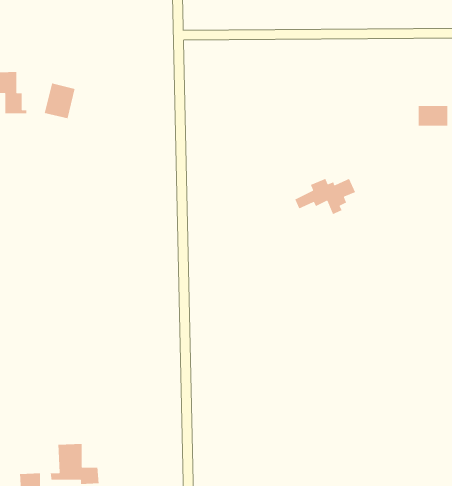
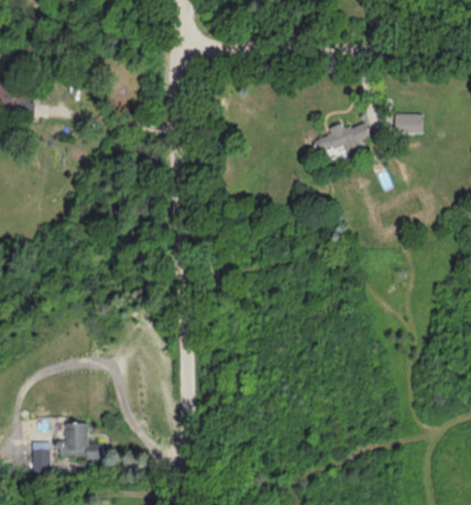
building: [44,83,75,119] -> none
building: [294,178,356,215] -> [314,122,370,156]

